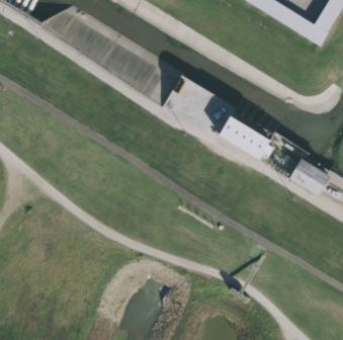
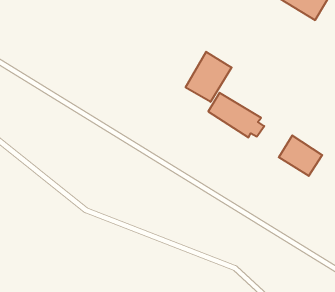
building: none -> [186,52,232,102]

